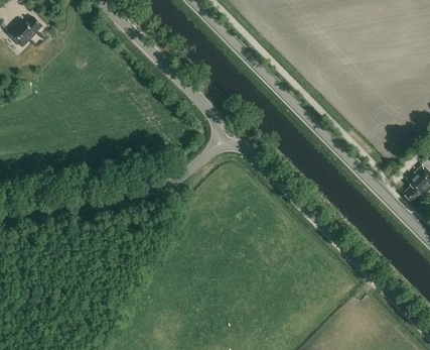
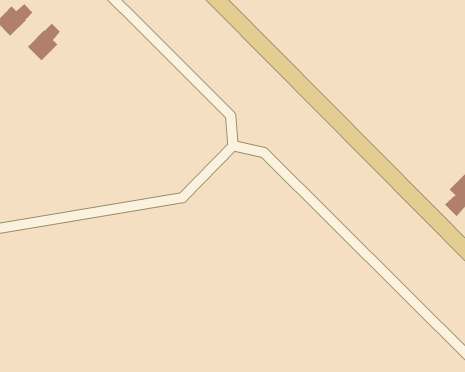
building: none -> [27,23,61,61]

